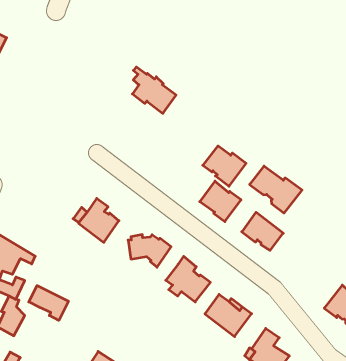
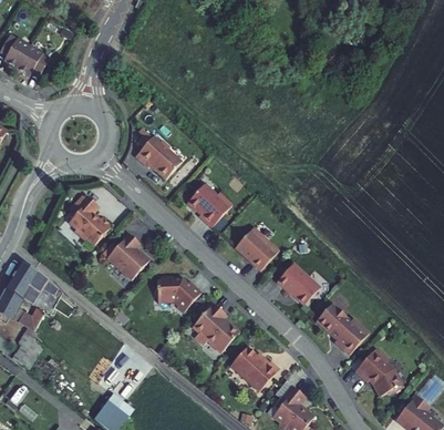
building: [132,67,176,113] -> [136,127,182,178]
building: [203,146,246,186] -> [187,184,233,227]
building: none -> [69,195,111,245]
building: [250,166,302,213] -> [316,304,370,355]
building: [29,286,68,320] -> none

